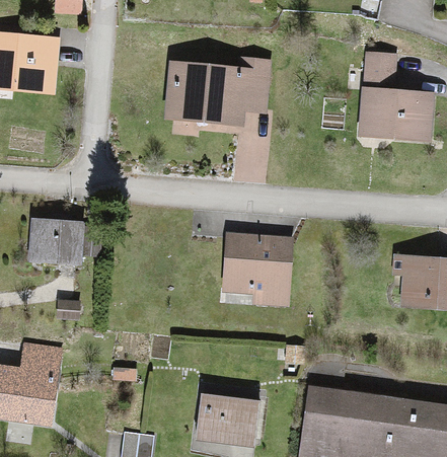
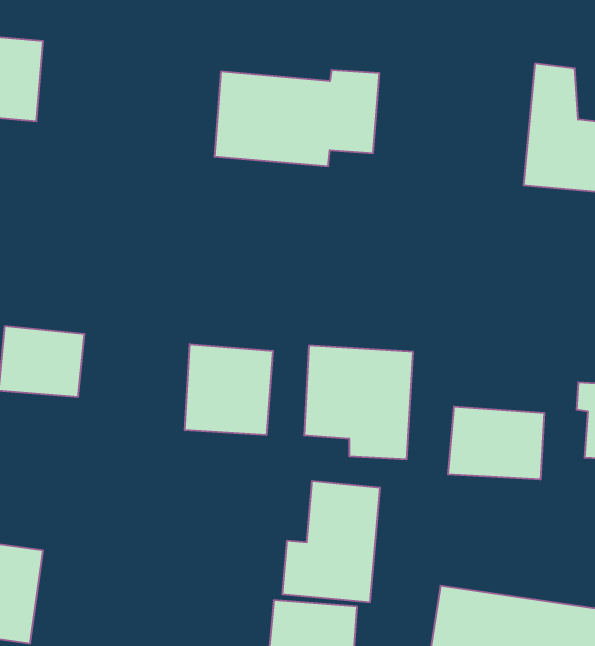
building: none -> [185,344,273,435]
building: none -> [448,406,544,480]
building: none -> [282,481,380,602]

